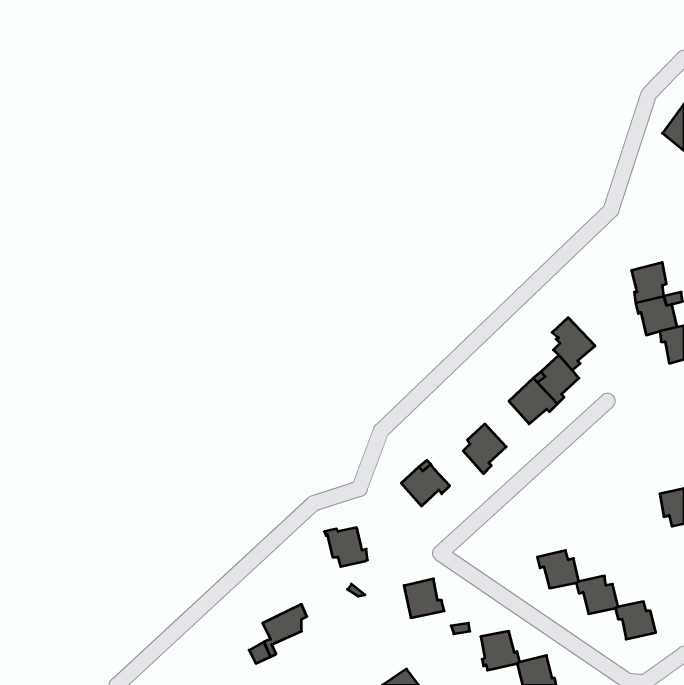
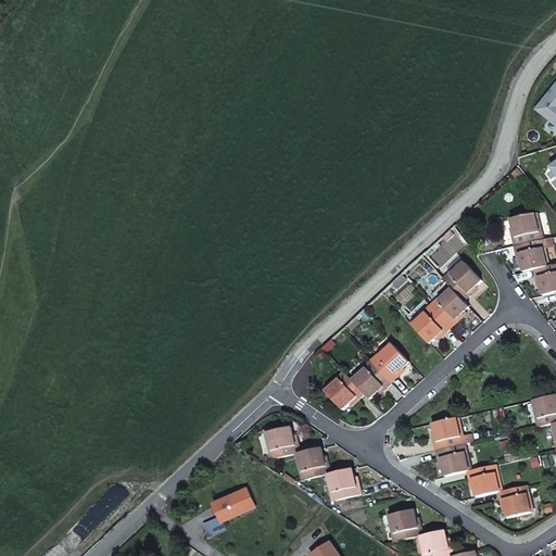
building: none -> [351,364,390,397]
building: none -> [430,415,467,450]
building: none -> [294,447,327,478]

